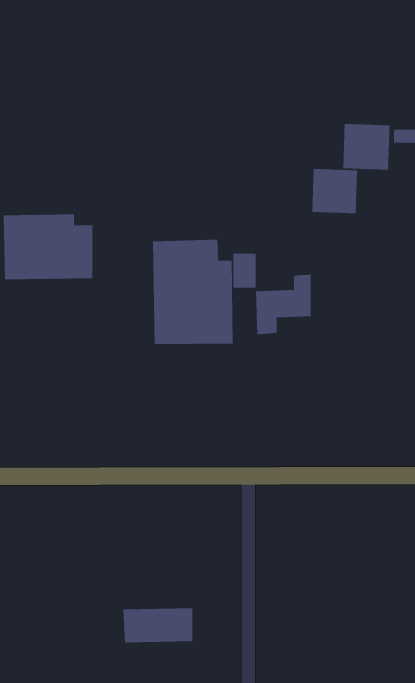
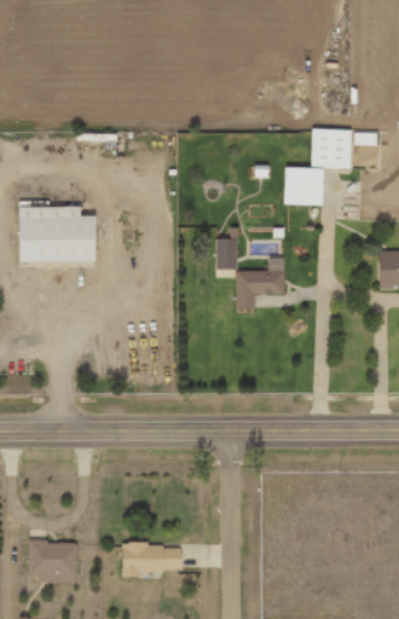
building: [152,239,233,345] -> none
building: none -> [28,542,76,584]

